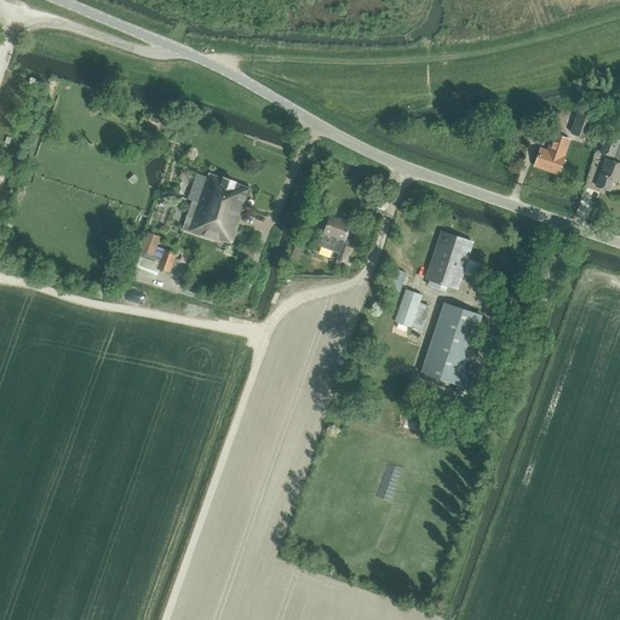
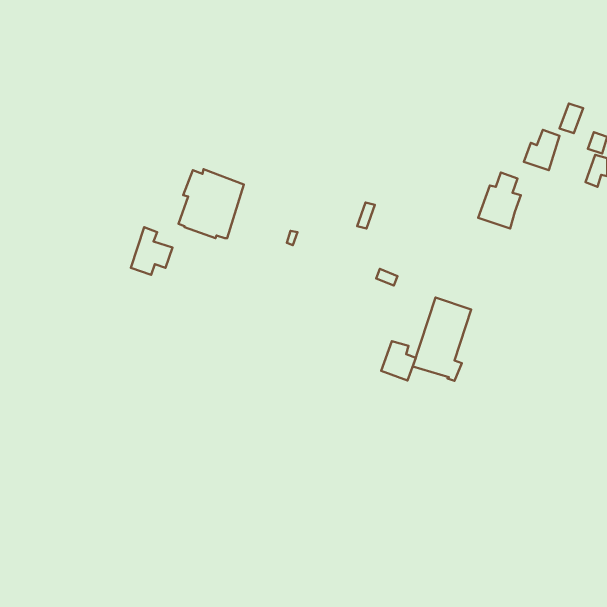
building: [315,216,350,266] -> none
building: [424,232,467,289] -> [478,172,521,228]
building: [394,289,429,329] -> [381,341,416,380]

